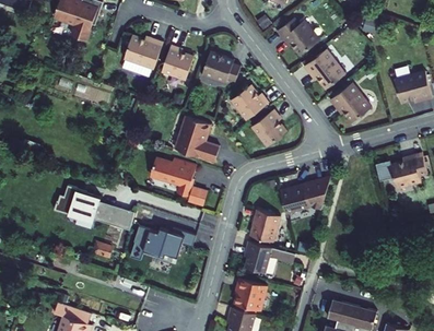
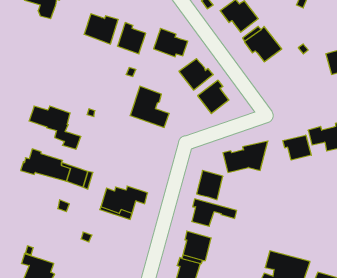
building: [329,83,371,122] -> none
building: [150,158,208,206] -> [29,106,81,149]
building: none -> [283,135,311,160]

